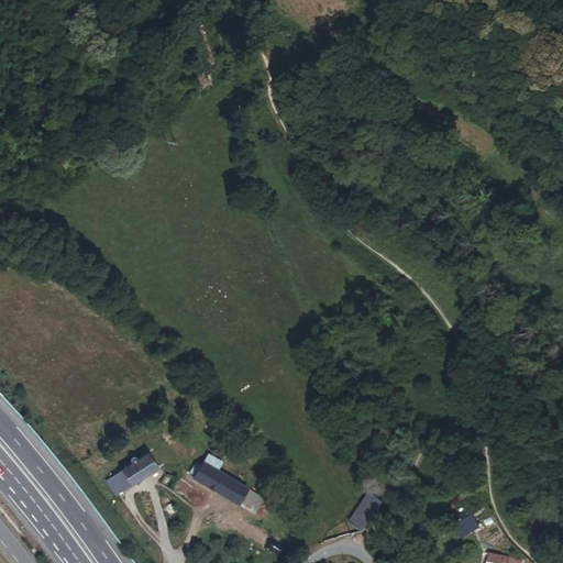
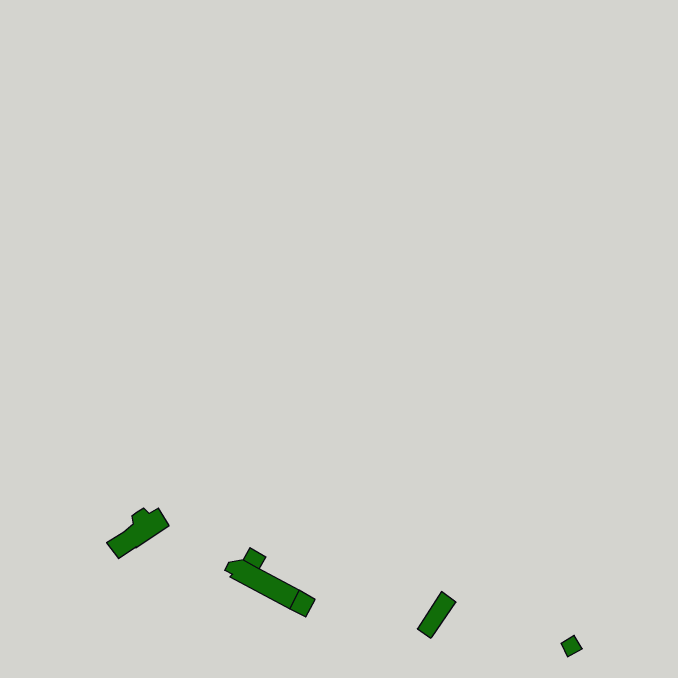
building: [108,455,159,497] -> [107,508,169,559]

